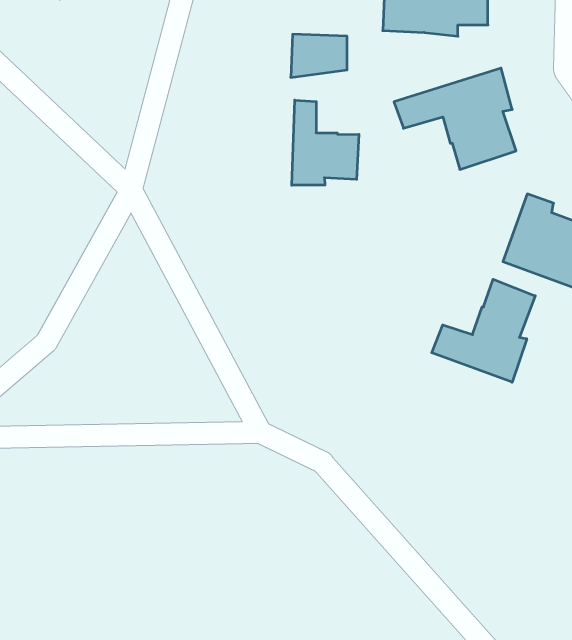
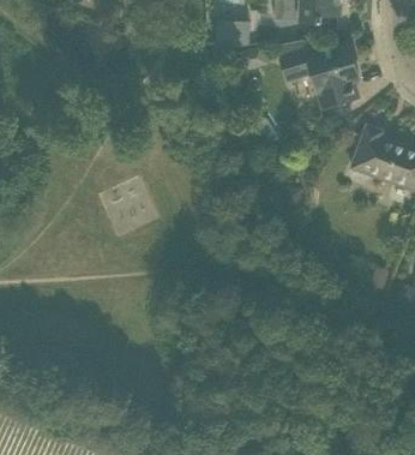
building: [292,100,359,185] -> none
building: [432,279,535,382] -> none

